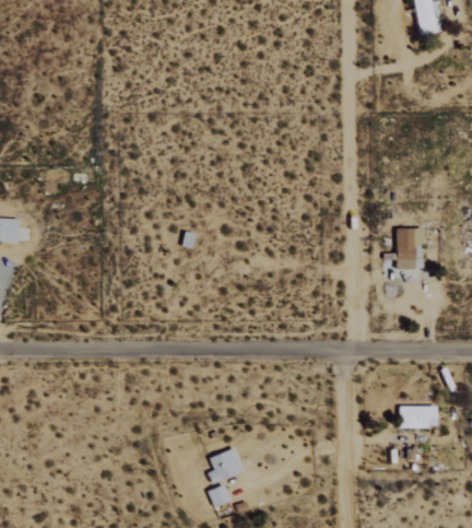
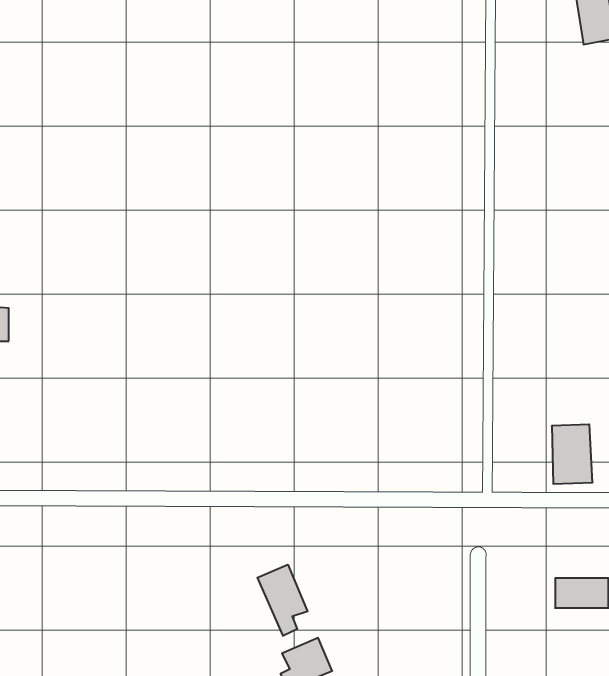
building: [397,227,425,269] -> [552,424,593,484]
building: none -> [257,565,308,636]

